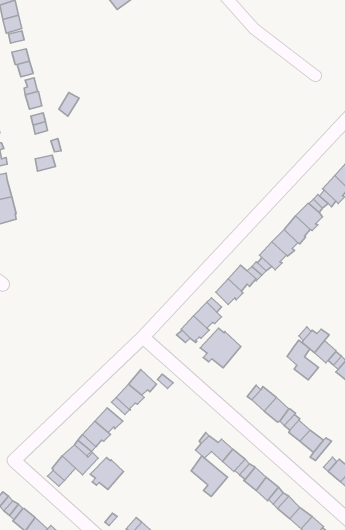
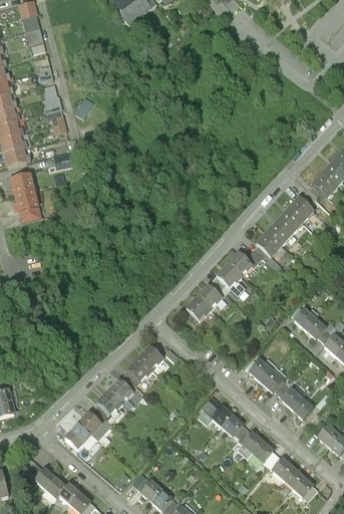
building: [200,328,241,368] -> none
building: [287,340,318,380] -> none
building: [191,456,227,496] -> none
building: [90,457,123,490] -> none

